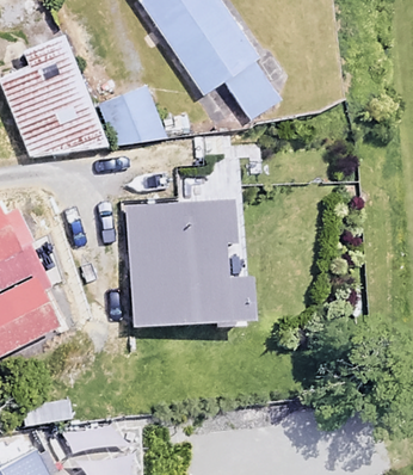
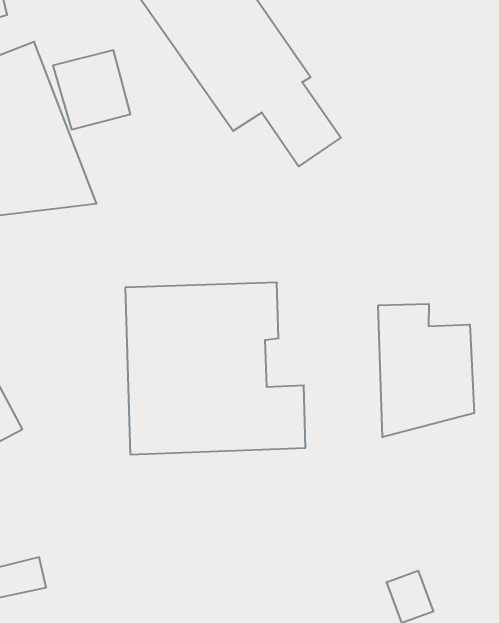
building: [107,92,162,148] -> [53,50,130,129]
building: none -> [378,304,474,437]

